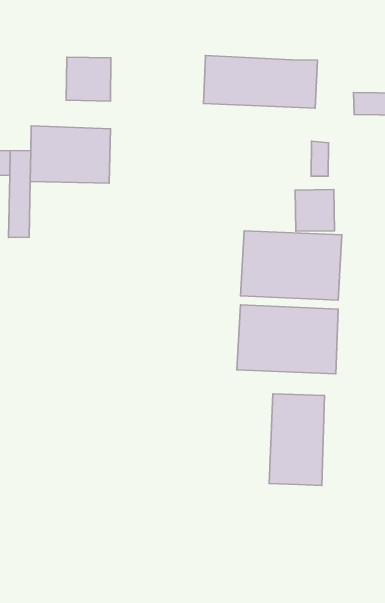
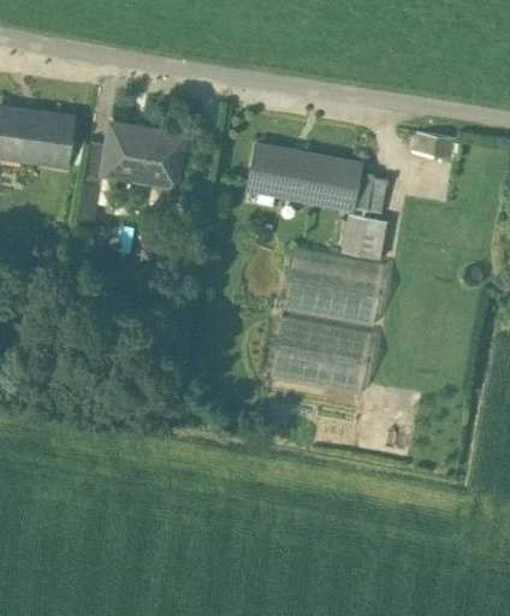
building: [203,55,317,108] -> [250,143,362,207]
building: [66,57,111,101] -> none
building: [269,394,324,486] -> none

